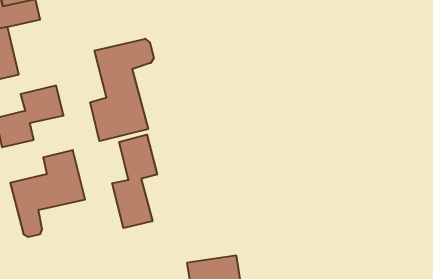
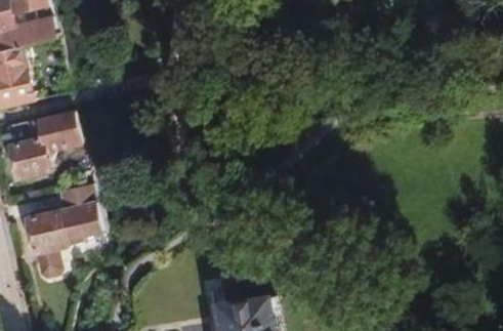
building: [90,39,154,141] -> none
building: [112,135,157,228] -> none

